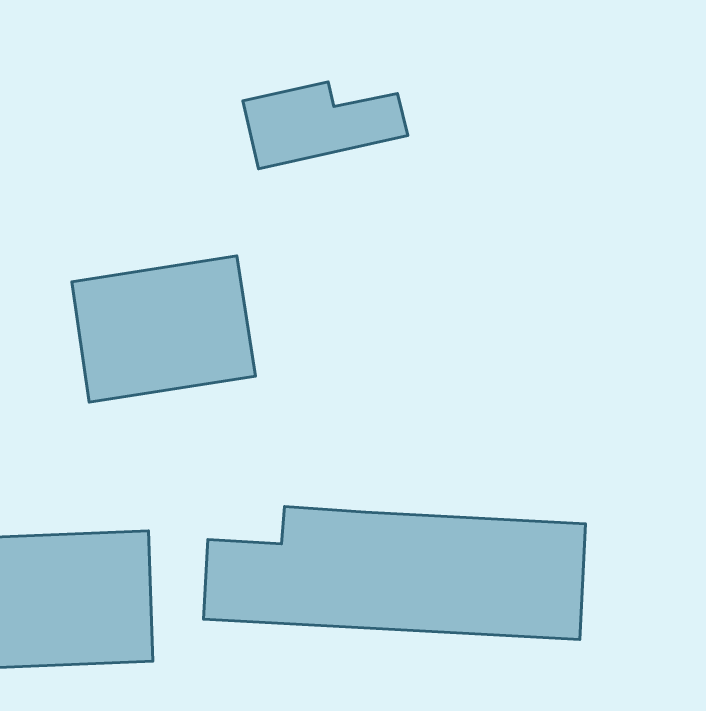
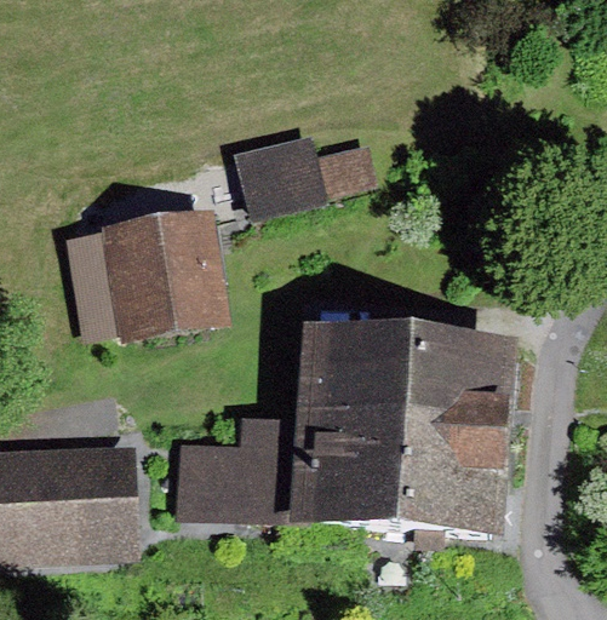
building: [243,82,408,169] -> [237,138,376,211]
building: none -> [315,331,505,438]

